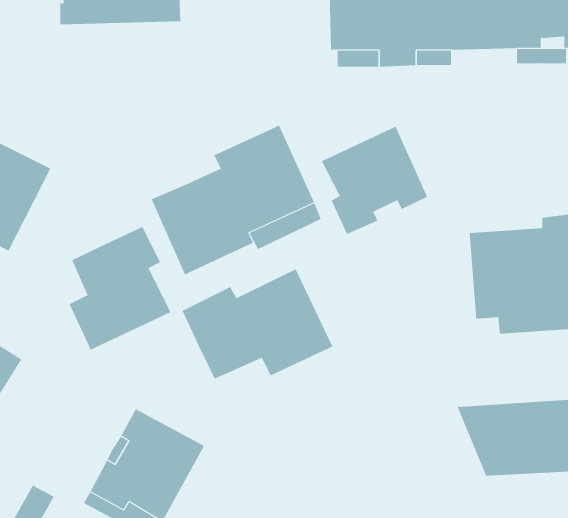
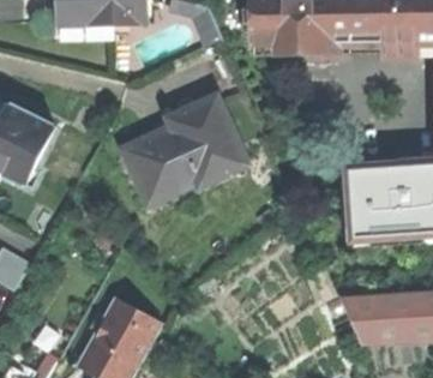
building: [321,126,428,235] -> none
building: [69,226,171,351] -> none
building: [182,268,333,379] -> none

